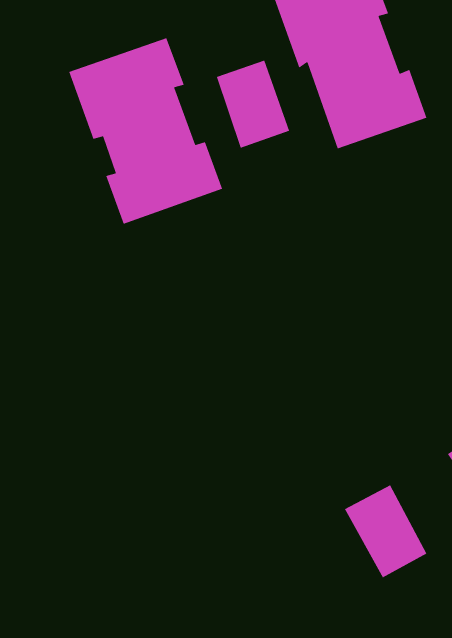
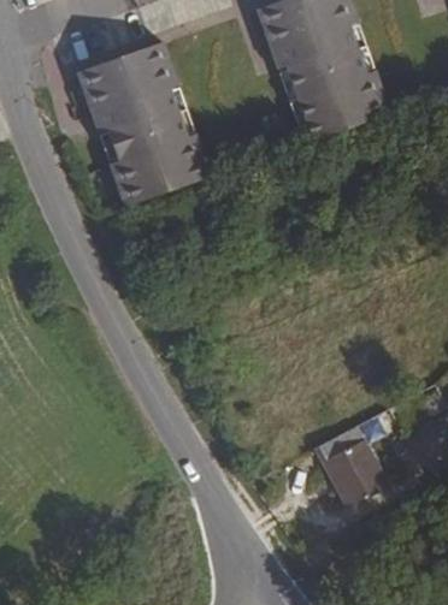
building: [216,60,290,149] -> none

